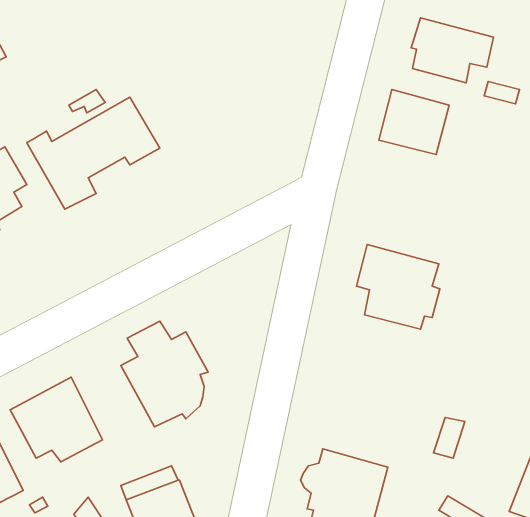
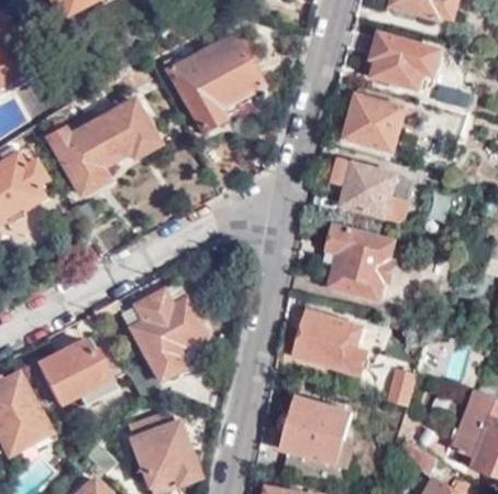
building: none -> [165,36,262,132]
building: none -> [333,158,402,219]
building: none -> [296,310,366,372]

